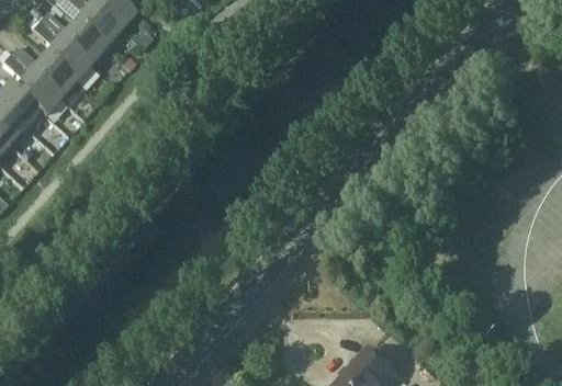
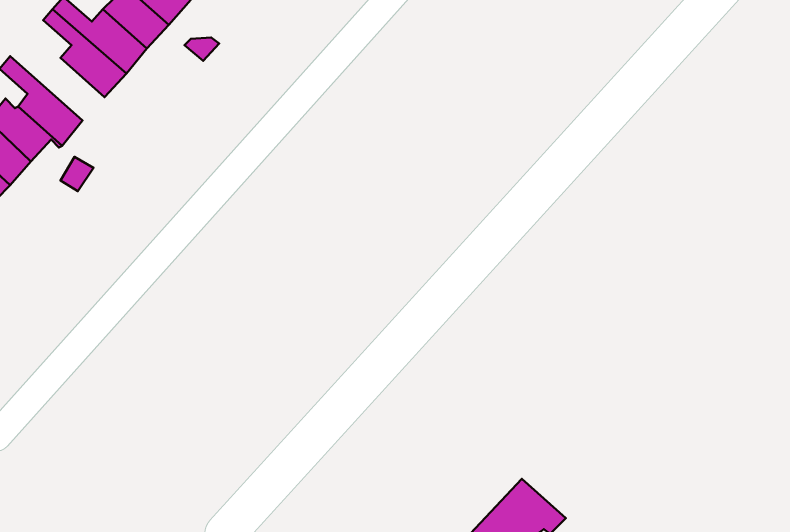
building: [9,45,75,98] -> none

